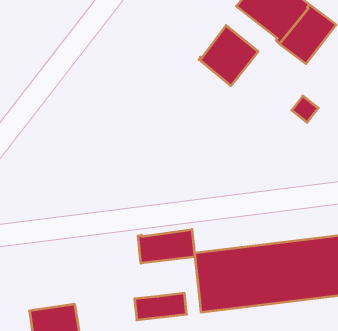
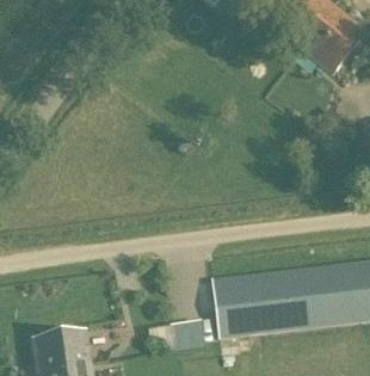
building: [199,25,258,86] -> none
building: [138,229,195,263] -> none

